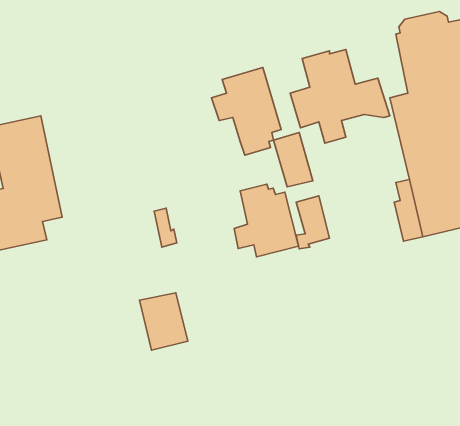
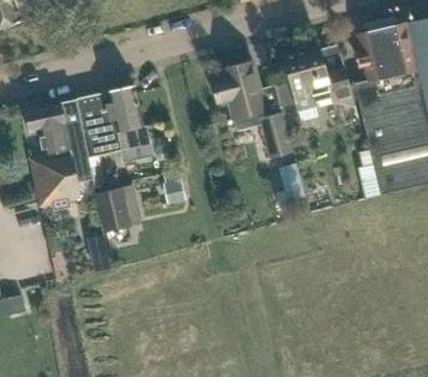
building: none -> [75,85,151,186]
building: [234,184,299,257] -> none
building: [140,293,188,350] -> [93,187,131,233]

